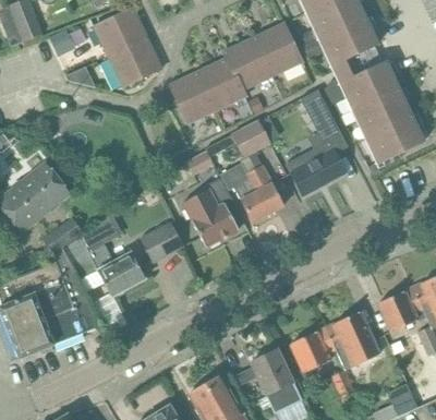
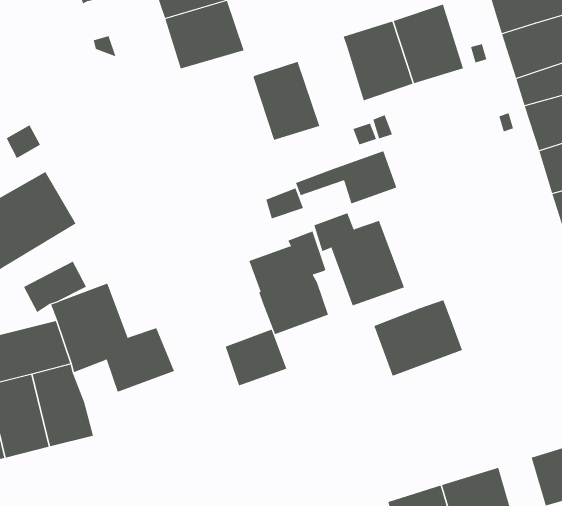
building: [197,58,246,110] -> none
building: [300,89,336,132] -> none
building: [287,141,346,194] -> [373,299,463,377]
building: [142,223,183,262] -> [225,329,287,386]

